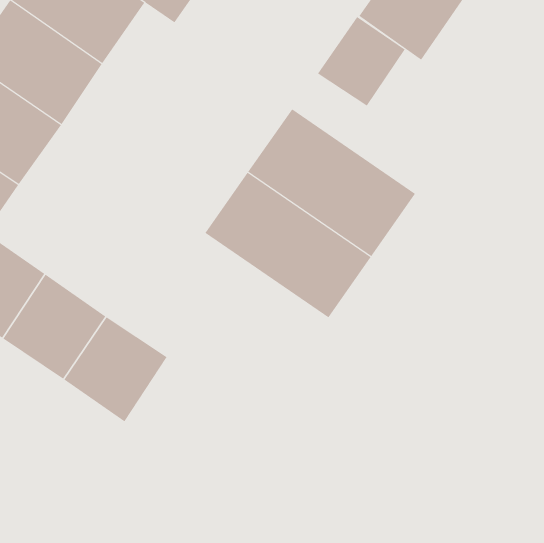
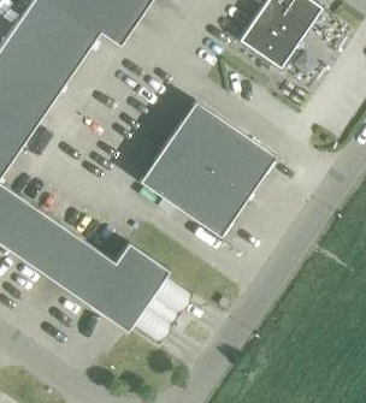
building: [317,16,406,106] -> none
building: none -> [87,242,191,344]

